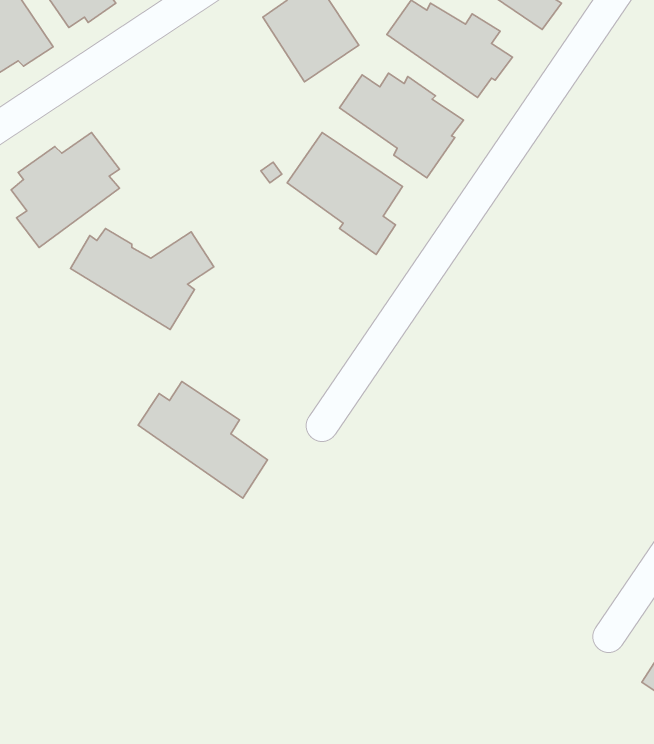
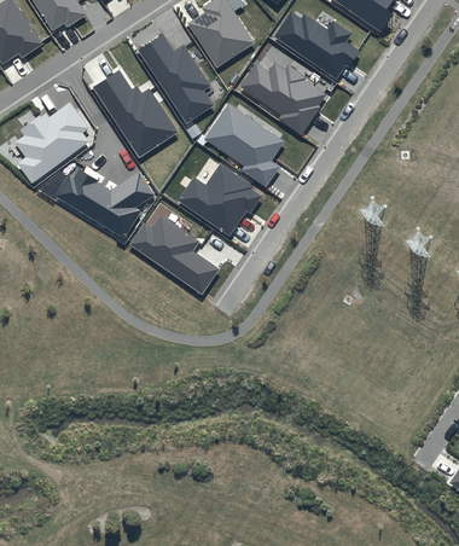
building: none -> [138,33,214,122]
building: none -> [92,69,178,157]
building: none -> [178,163,261,234]
building: [138,381,267,498] -> [129,214,219,295]

